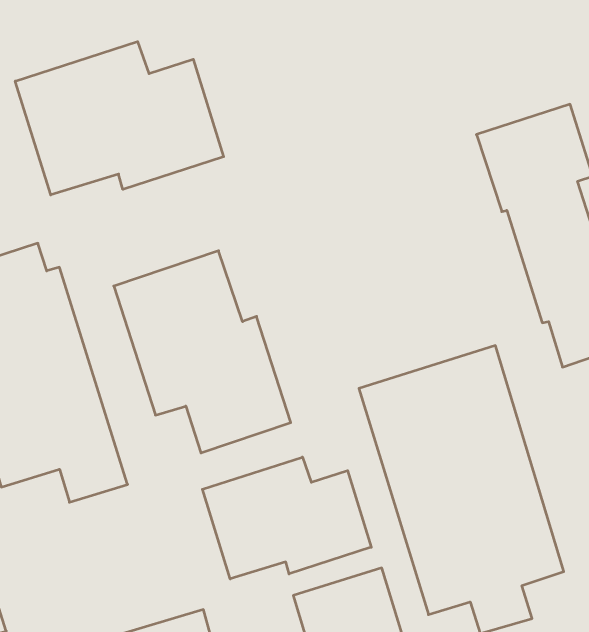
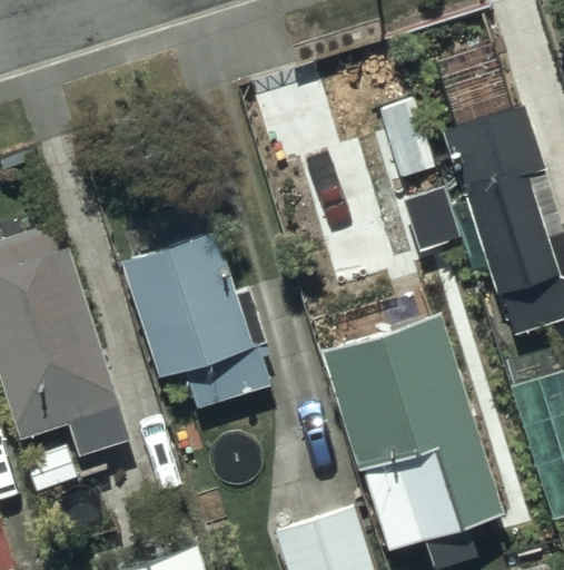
building: [15,42,224,195] -> none
building: [202,457,371,579] -> none

